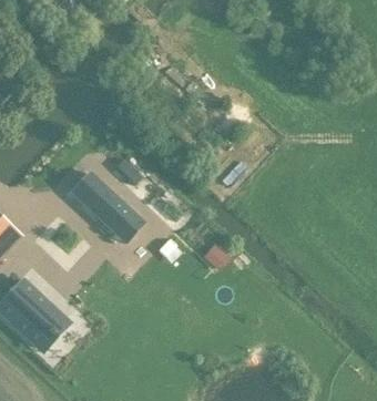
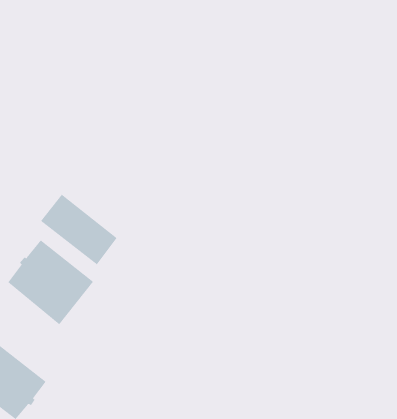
building: none -> [8,239,94,325]

